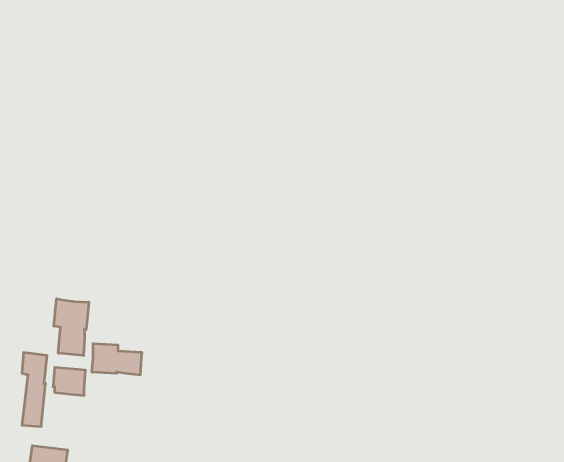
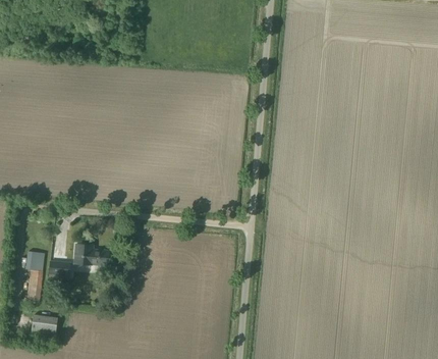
building: [54,299,89,356] -> none

